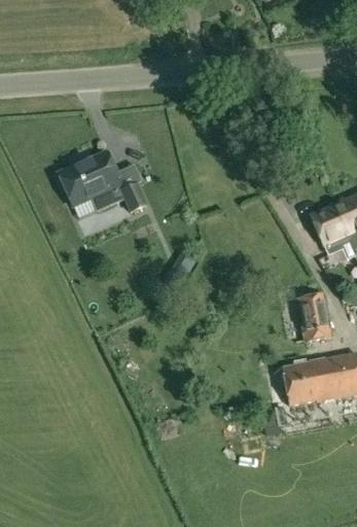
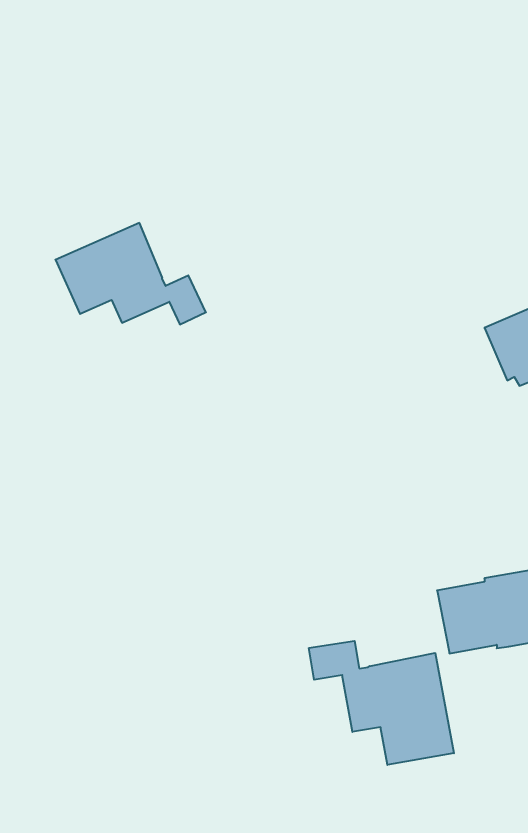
building: [296,293,330,341] -> none
building: none -> [309,641,454,765]

